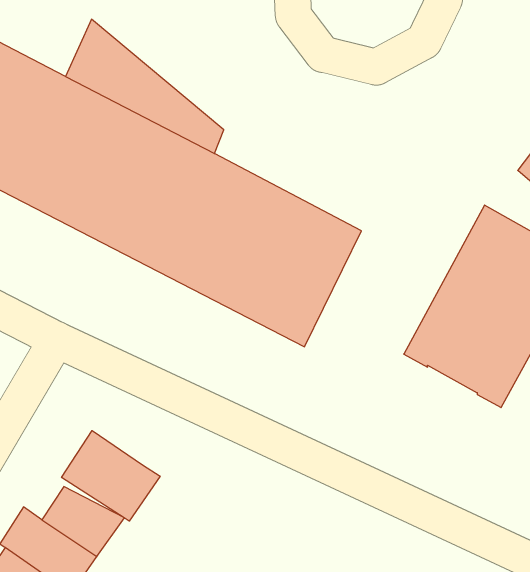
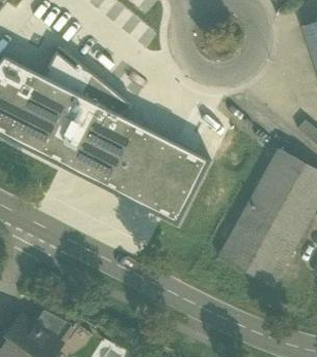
building: none -> [217,230,287,287]
building: [62,431,160,521] -> none

